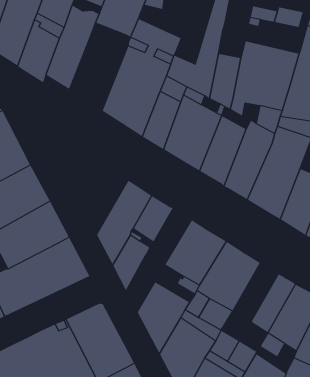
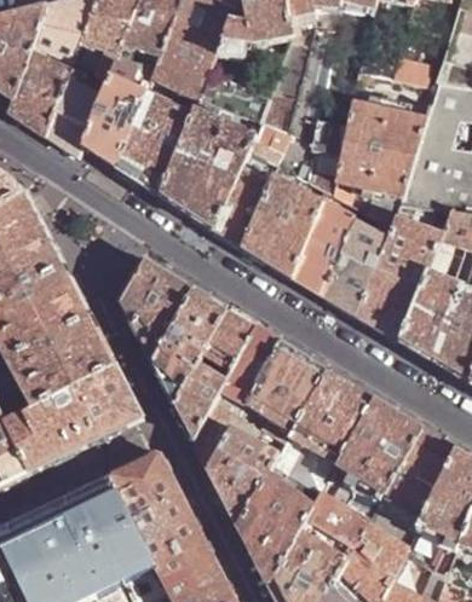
building: none -> [116,94,192,196]
building: none -> [119,257,195,363]
building: none -> [220,326,281,403]
building: none -> [336,400,398,480]
building: none -> [192,401,237,467]

